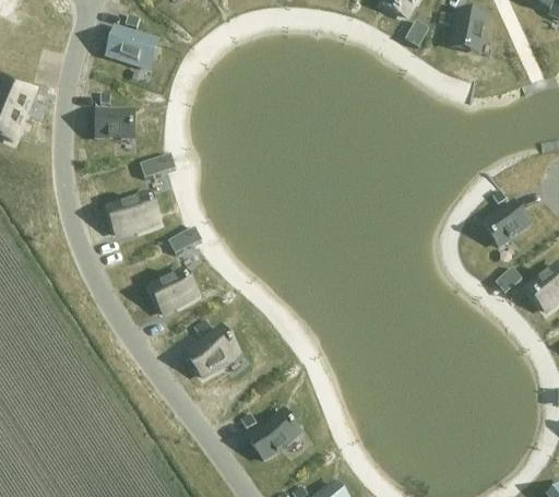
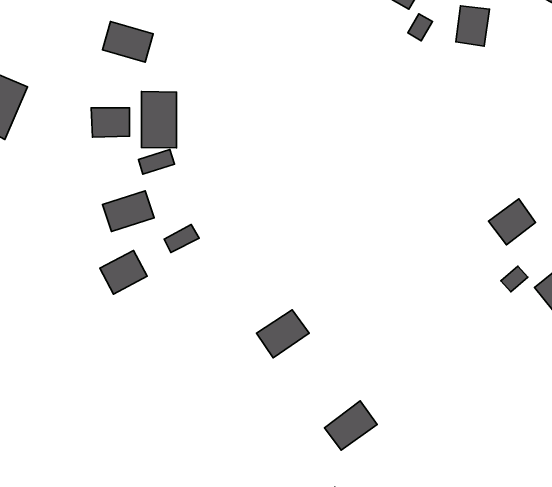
building: none -> [142,92,177,148]
building: [151,268,197,310] -> [100,250,147,294]
building: [187,329,238,376] -> [256,310,309,358]
building: [248,409,299,457] -> [324,401,377,450]

